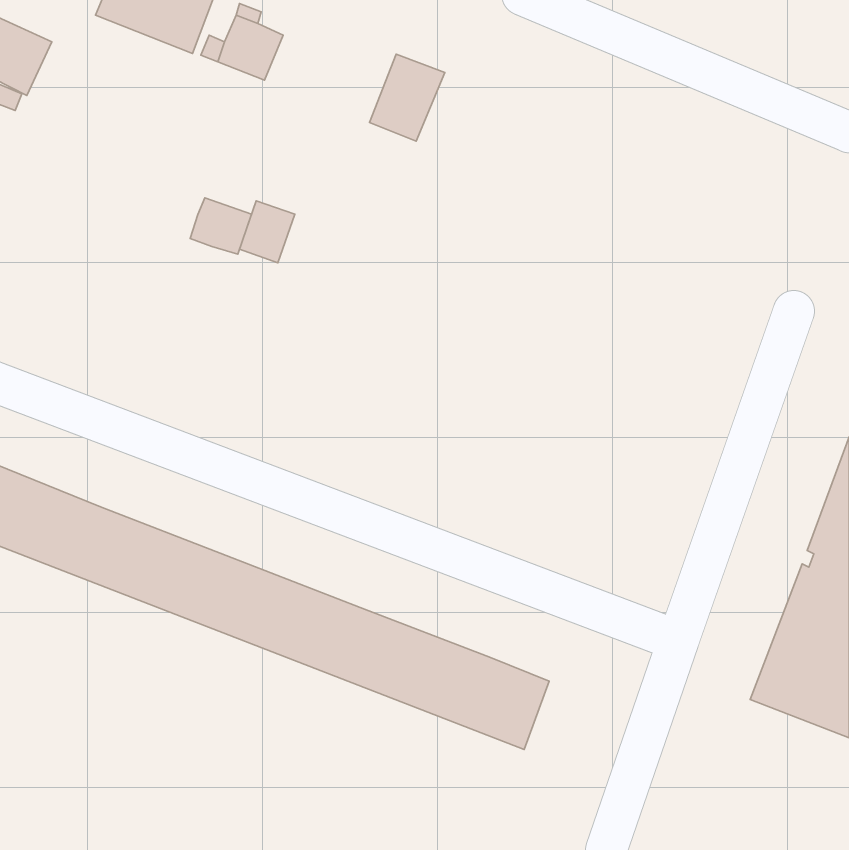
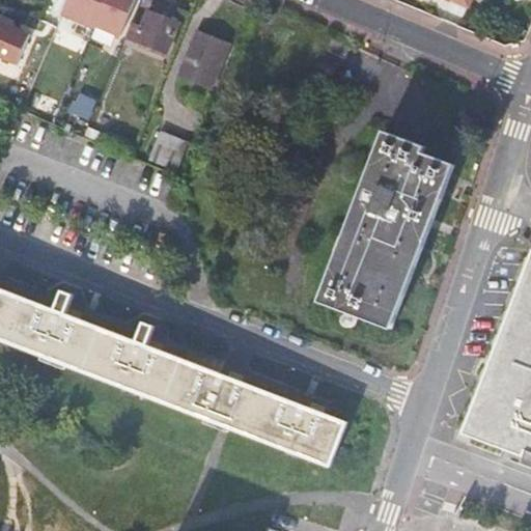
building: [369,54,445,141] -> [179,30,226,84]
building: [190,198,251,254] -> none
building: none -> [318,129,453,326]

